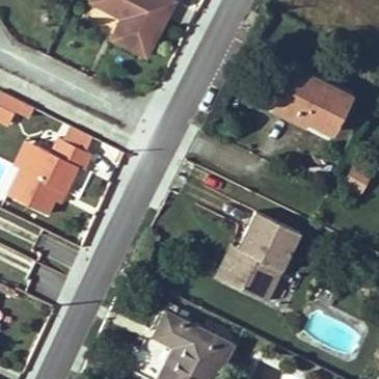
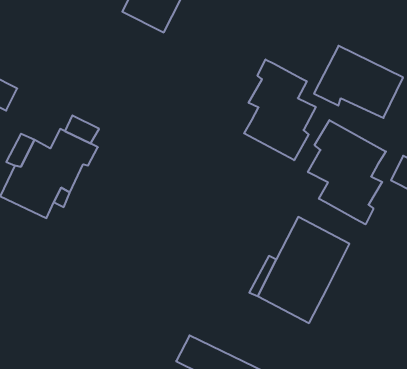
building: none -> [244,59,316,160]
building: none -> [308,120,386,224]

